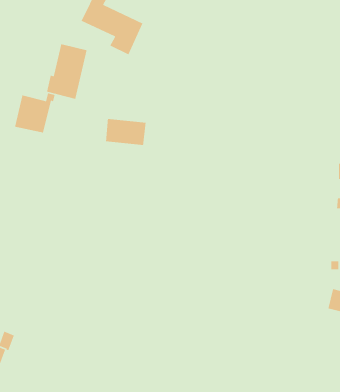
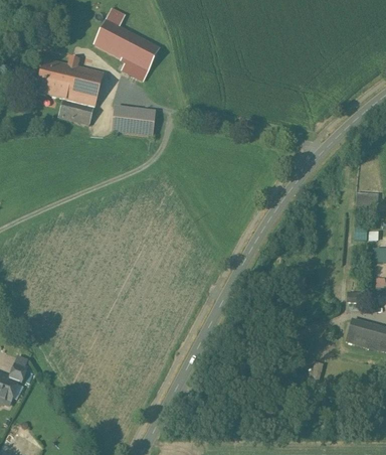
building: [14,93,55,134] -> [35,58,77,101]
building: [105,118,147,146] -> [112,108,154,136]

